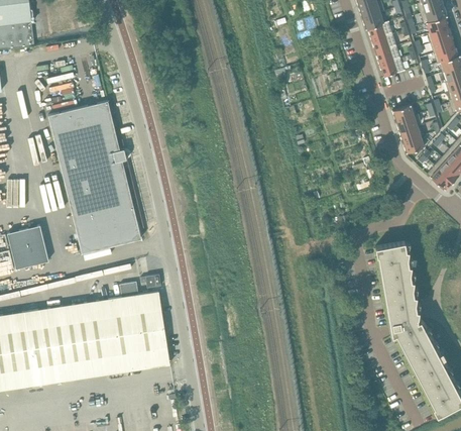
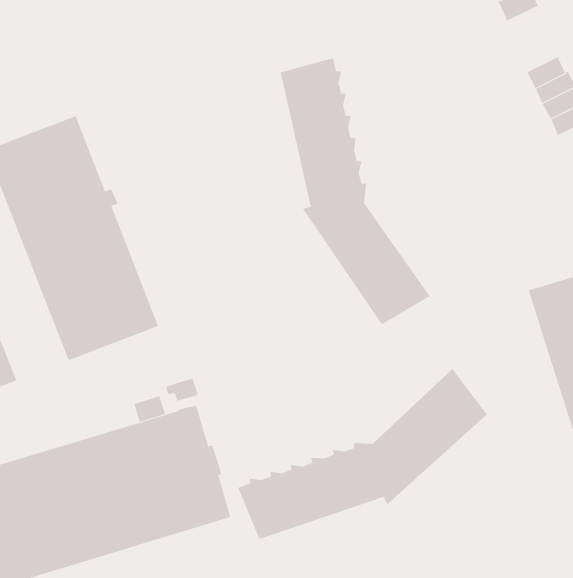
building: none -> [280,57,430,325]
building: none -> [237,368,487,540]

